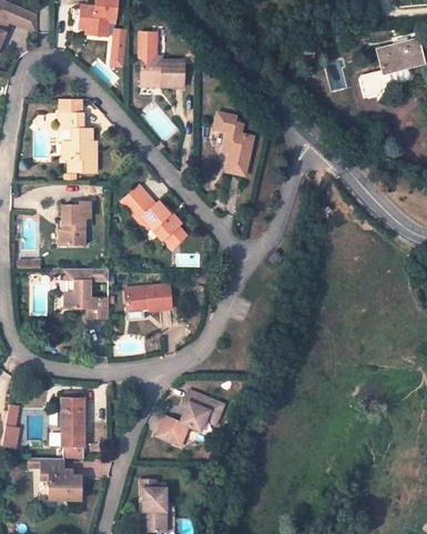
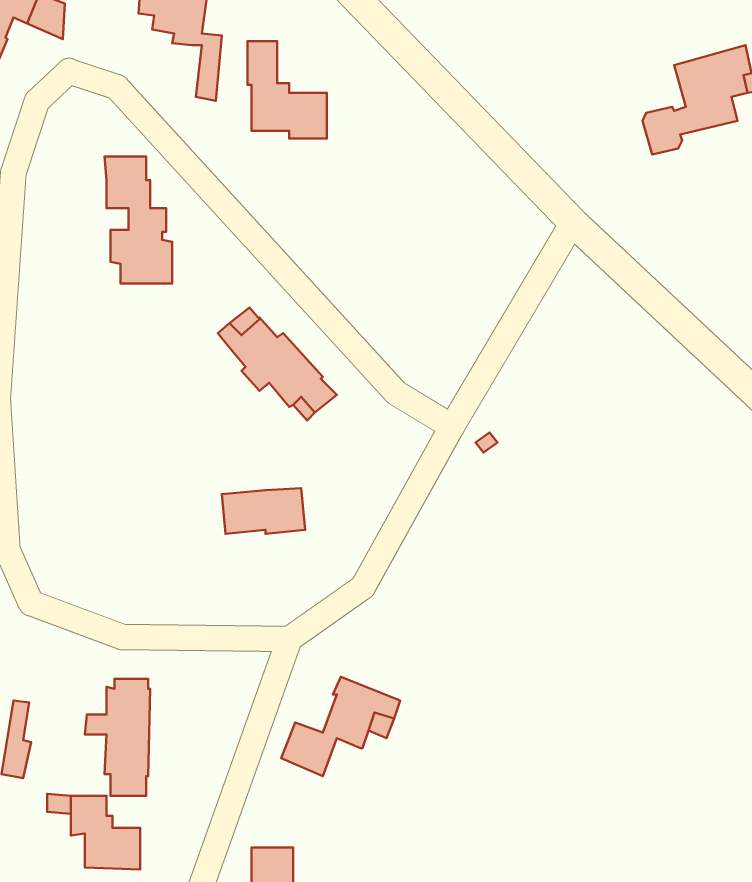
building: [214,112,253,175] -> none
building: [60,203,91,245] -> none
building: [52,268,109,319] -> none

